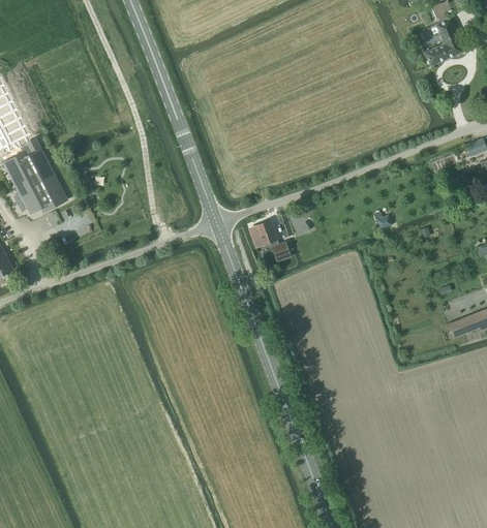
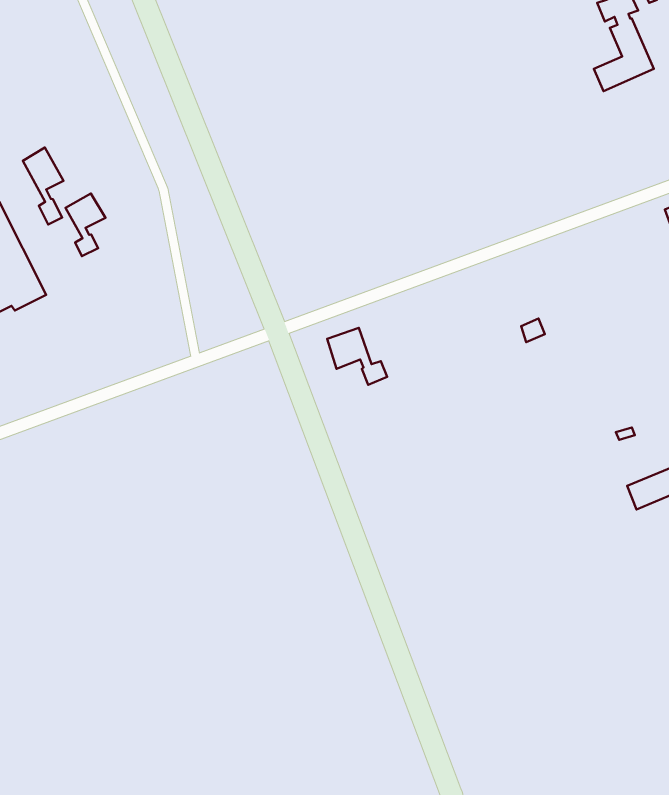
building: none -> [23,147,64,224]
building: none -> [65,194,105,256]

